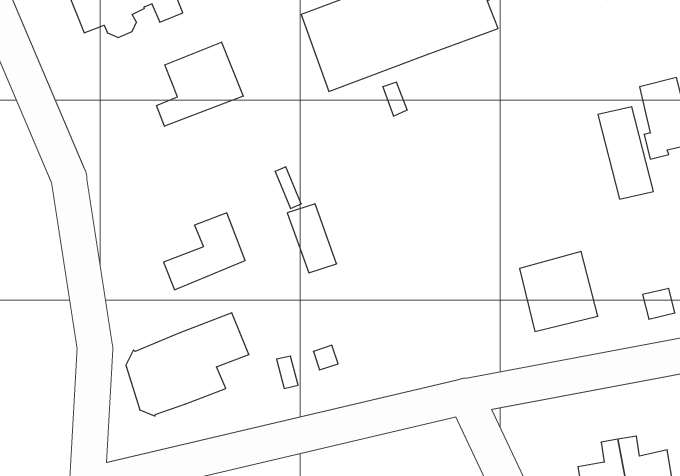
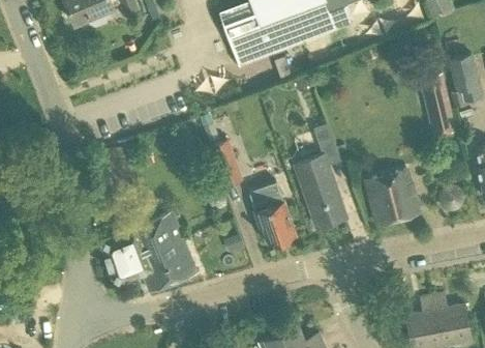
building: [157,42,243,126] -> none
building: none -> [295,125,346,229]
building: [164,213,245,290] -> [142,240,196,292]
building: none -> [249,182,295,245]

